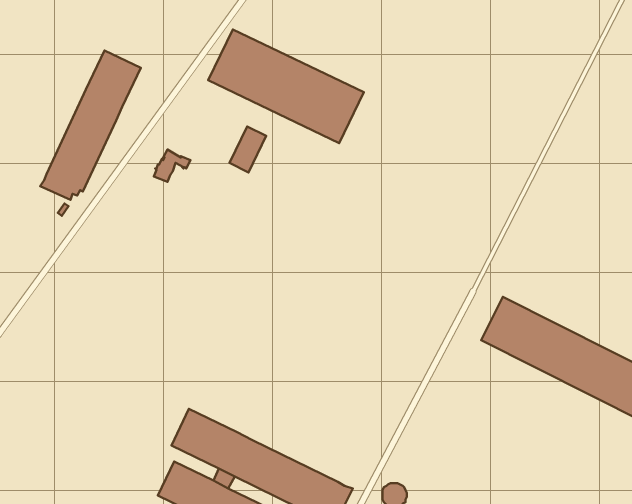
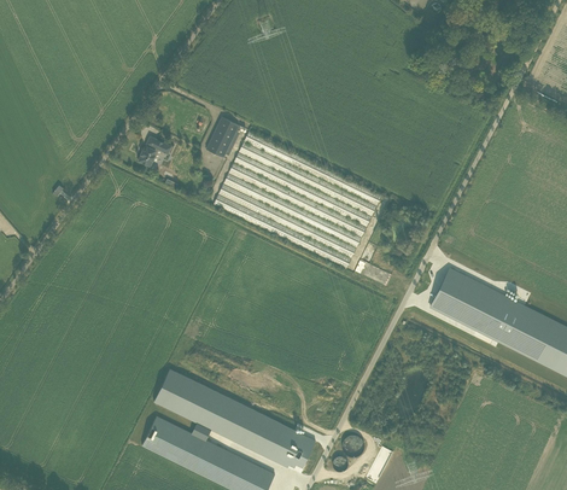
building: [208,29,364,143] -> none
building: [40,50,141,200] -> none

